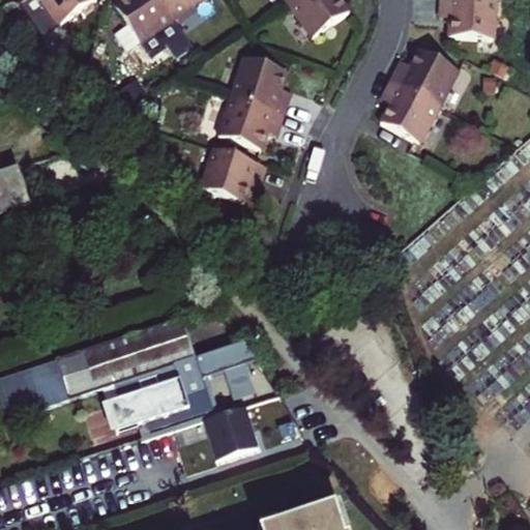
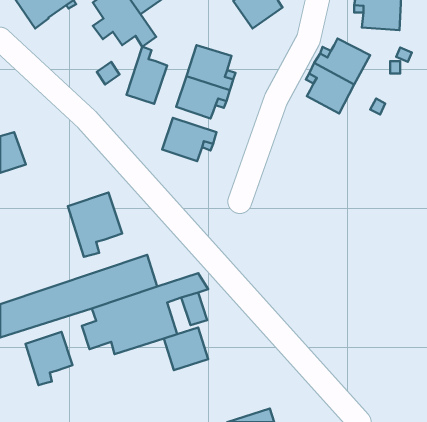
building: none -> [126,47,167,104]
building: none -> [68,192,122,257]
building: none -> [25,332,72,385]

